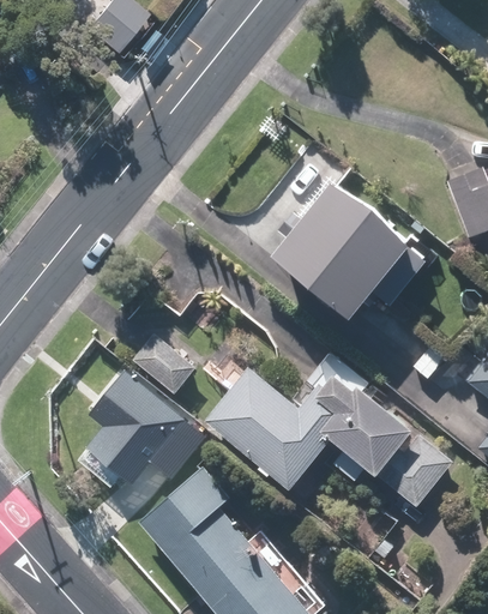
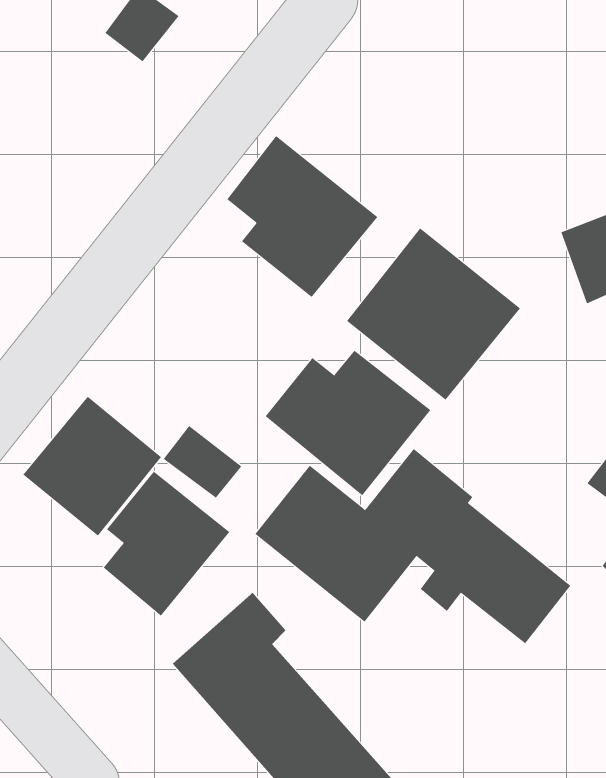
building: none -> [226,135,378,298]
building: none -> [265,350,431,496]
building: none -> [22,396,162,536]

